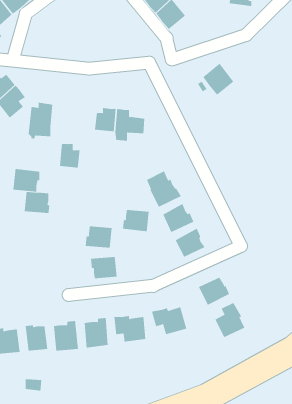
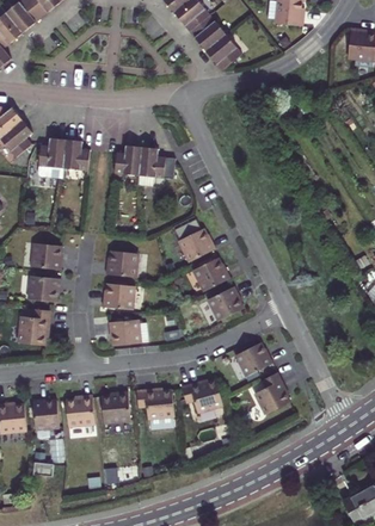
building: [203,63,234,96] -> [201,36,238,74]
building: [59,144,81,168] -> [63,140,88,168]
building: [13,169,40,192] -> [27,273,60,301]
building: [122,209,150,232] -> [106,249,139,276]
building: none -> [19,307,51,344]

